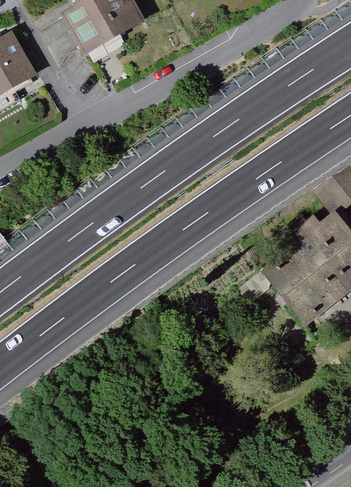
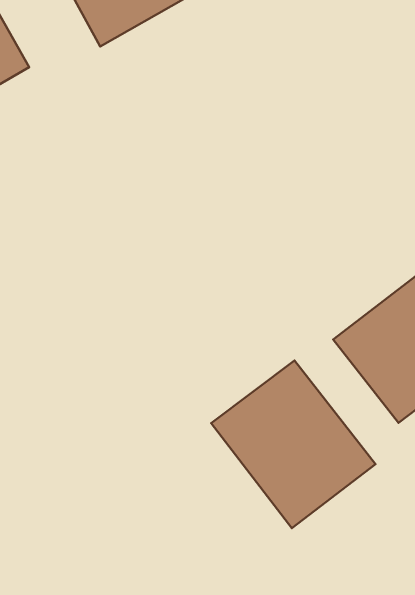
building: none -> [211,361,375,528]

